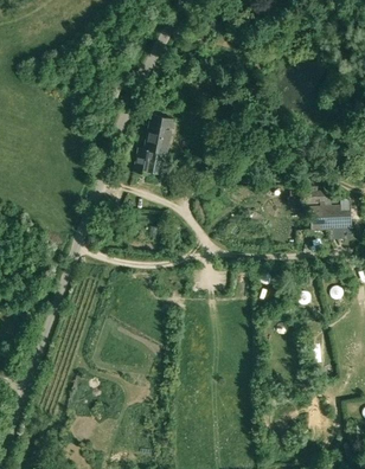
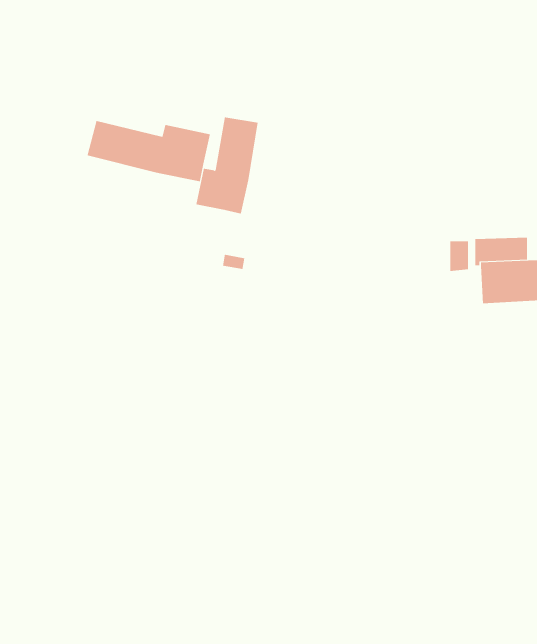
building: none -> [87,120,211,182]

